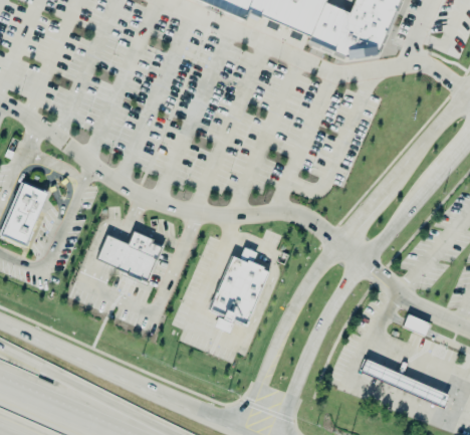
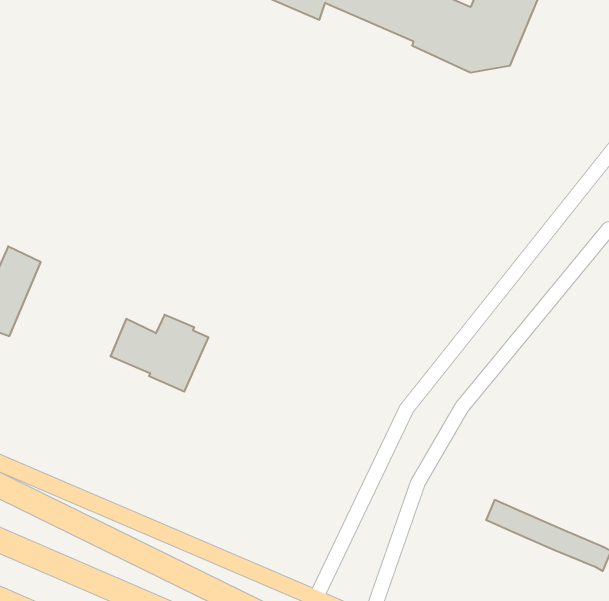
building: [209,250,270,321] -> none
building: [405,311,435,336] -> none

